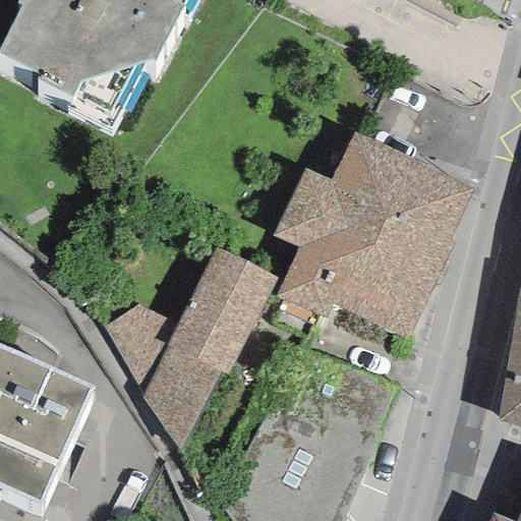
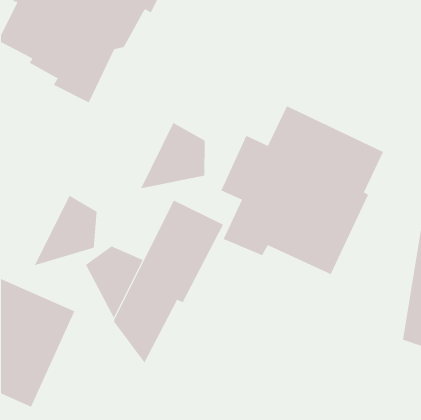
building: none -> [140,122,205,189]
building: none -> [34,195,97,266]

